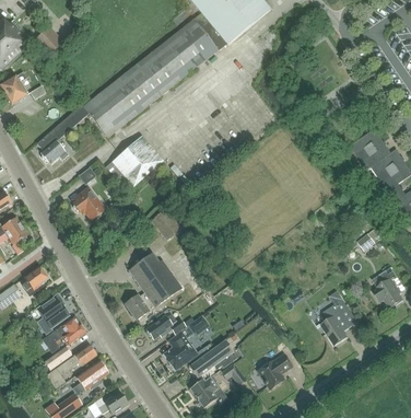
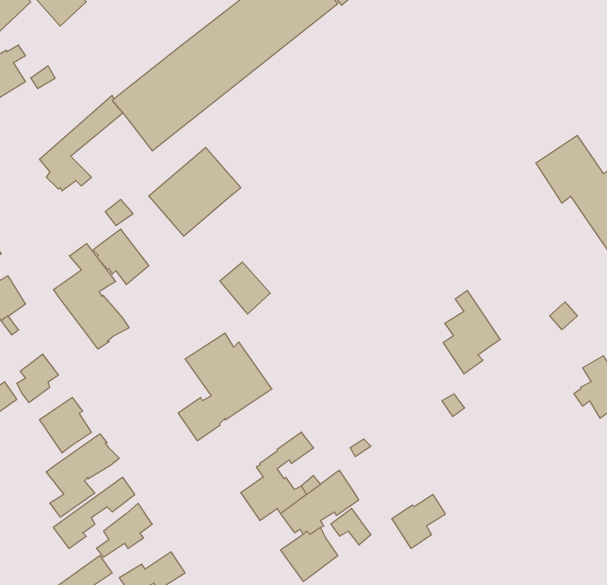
building: none -> [53,244,129,349]
building: [321,291,357,344] -> [443,291,500,374]
building: [145,313,186,339] -> none

